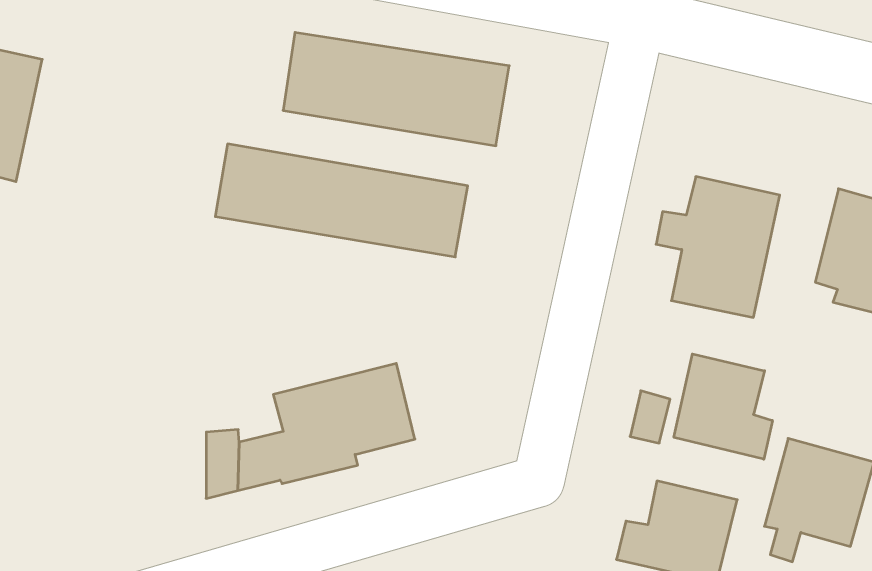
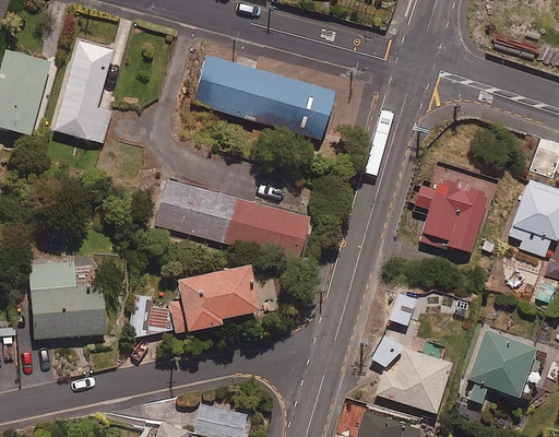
building: none -> [53,40,112,143]
building: [215,144,468,257] -> [154,179,309,259]
building: [674,354,772,459] -> none
building: none -> [28,262,105,339]

